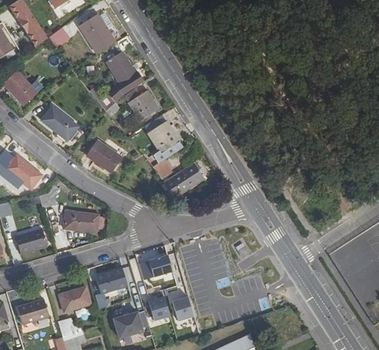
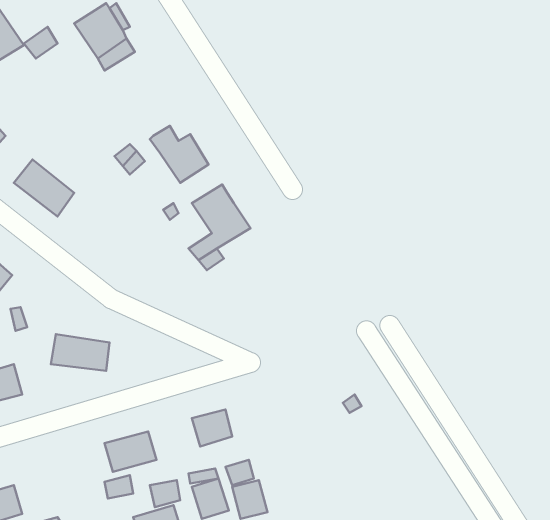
building: [105,51,144,97] -> none
building: [88,141,123,172] -> none
building: [173,163,204,192] -> none
building: [59,287,90,312] -> none

